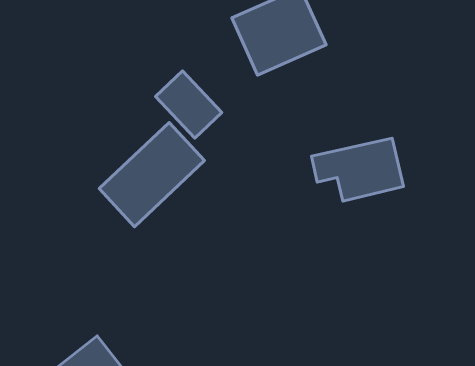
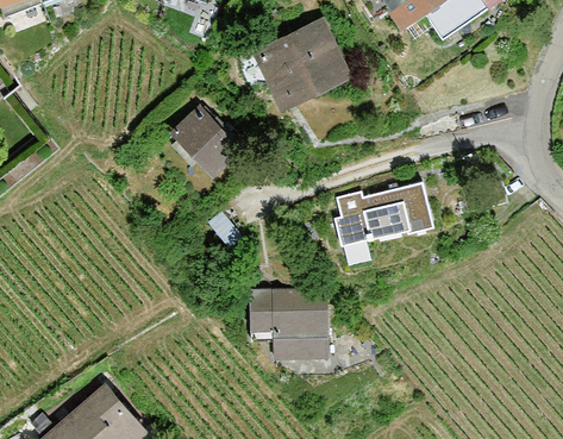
building: [99,122,204,227] -> none
building: none -> [248,294,329,360]

